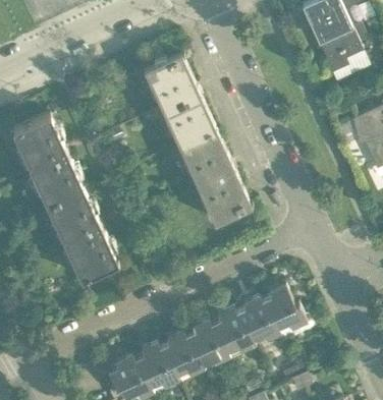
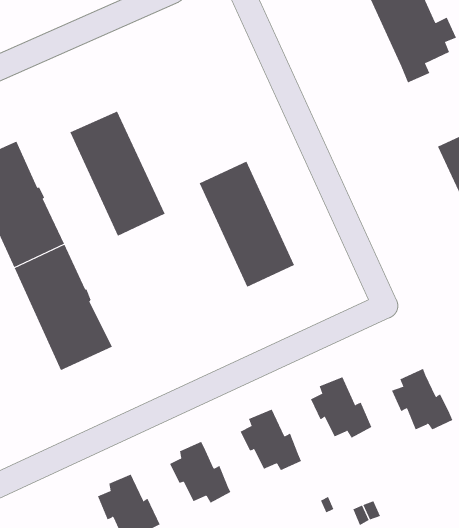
building: [145,55,214,146] -> [70,111,166,236]
building: [234,296,279,341] -> [391,368,453,430]
building: [183,320,228,364] -> none
building: [132,343,177,388] -> none

